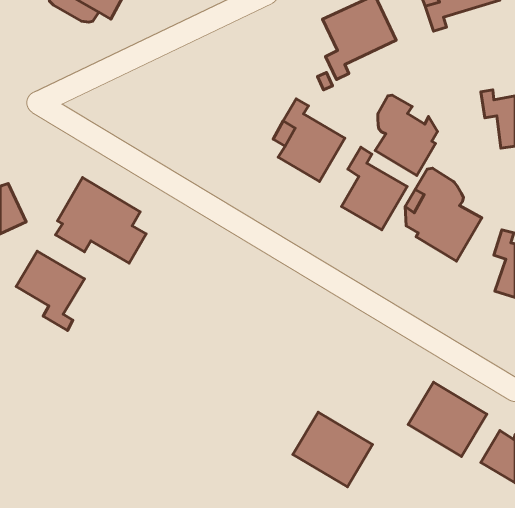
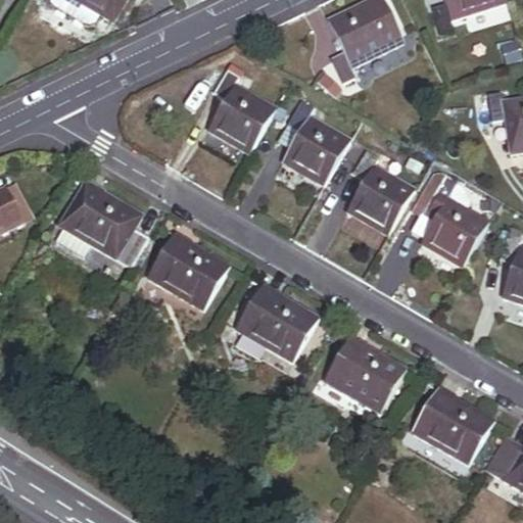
building: none -> [207,68,274,152]
building: [375,95,438,176] -> none
building: none -> [147,233,228,308]
building: [16,251,84,330] -> none
building: none -> [236,285,317,361]
building: [293,412,373,487] -> [325,336,406,412]

